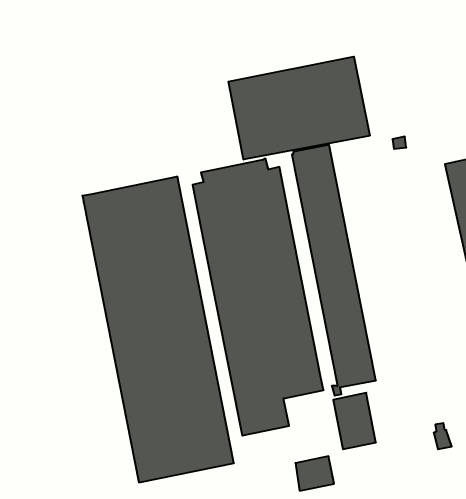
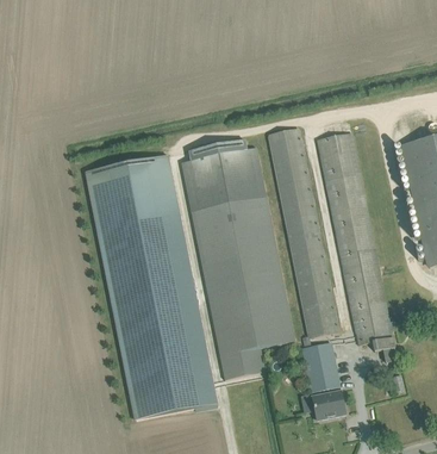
building: [228,57,370,160] -> none
building: none -> [316,131,397,361]
building: [295,456,334,491] -> [312,390,345,419]

